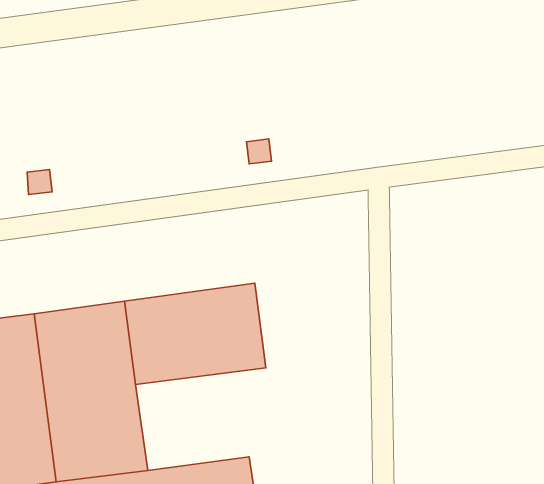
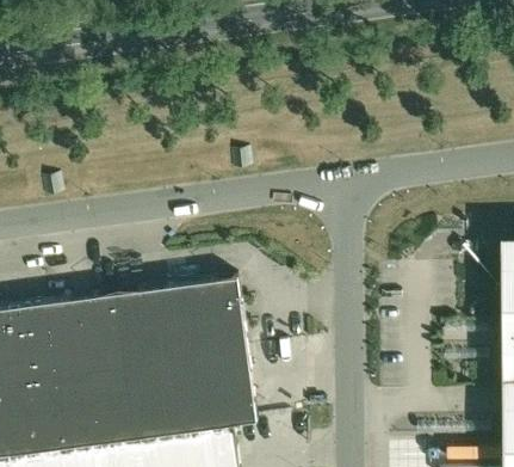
building: none -> [135,352,256,441]

